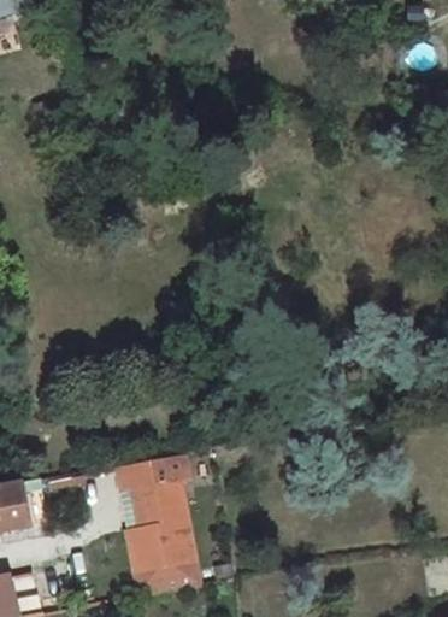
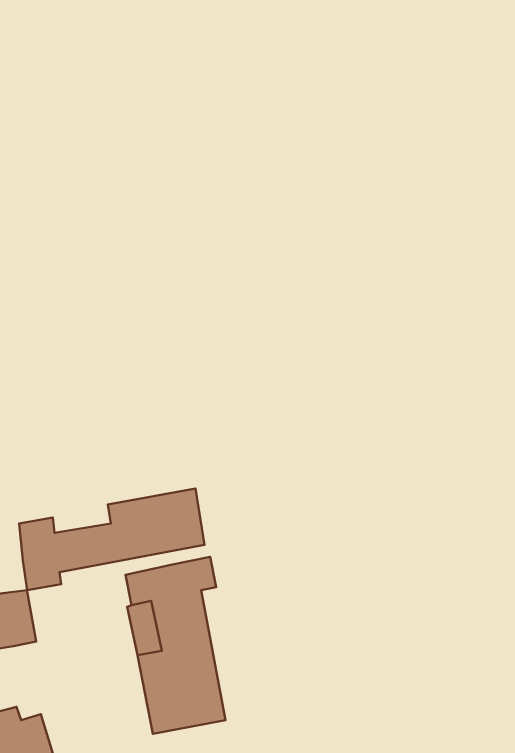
building: none -> [19,489,205,590]

